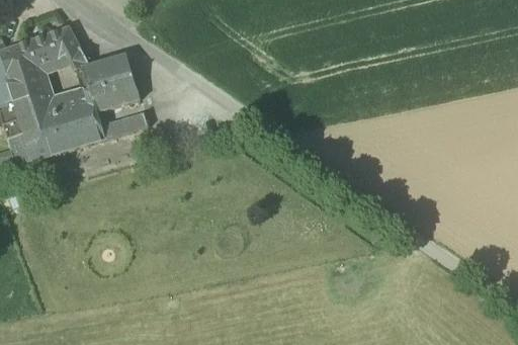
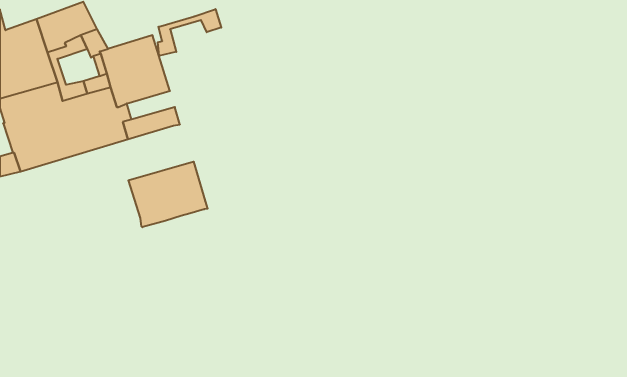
building: none -> [158,9,221,56]
building: none -> [128,162,208,227]

